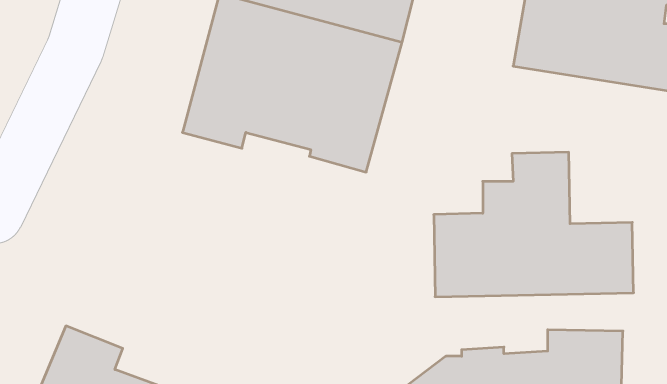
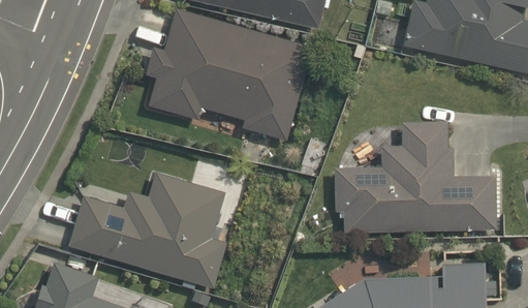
building: none -> [69,171,229,289]

